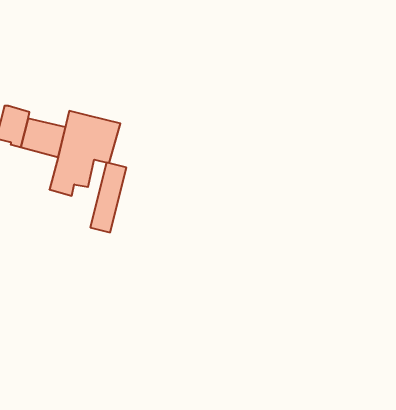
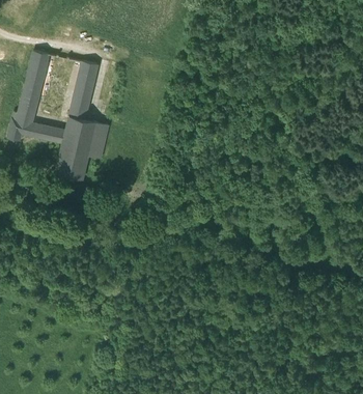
building: none -> [18,47,51,115]
building: [90,163,126,232] -> [68,60,99,118]

